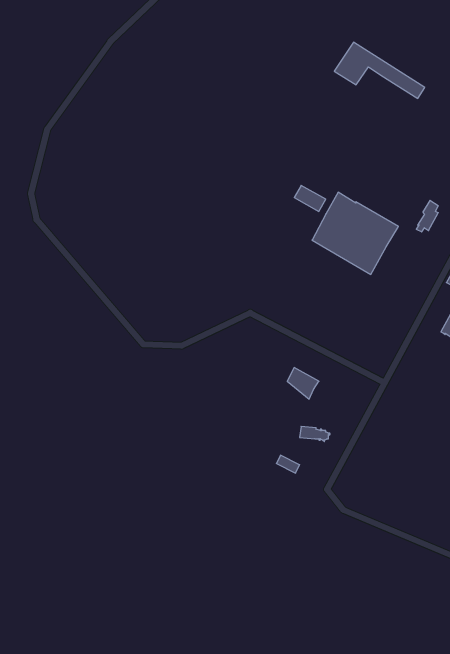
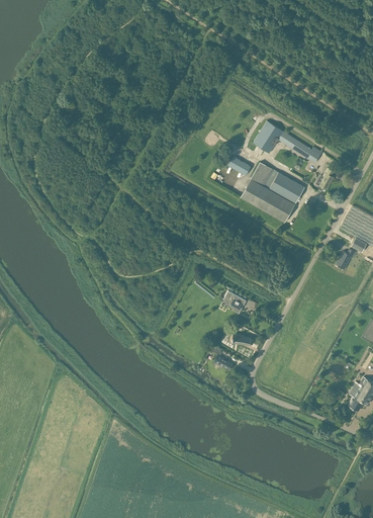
building: [334,42,425,98] -> [253,120,319,162]

